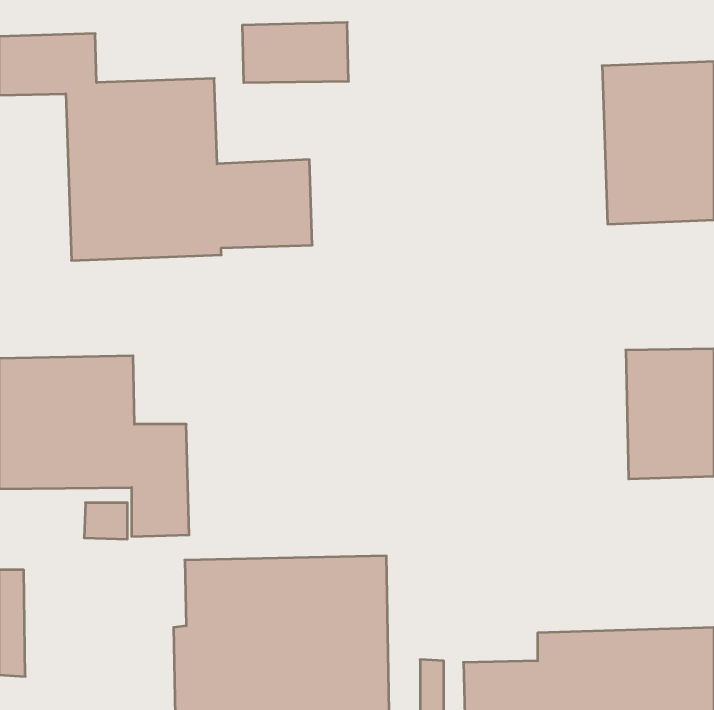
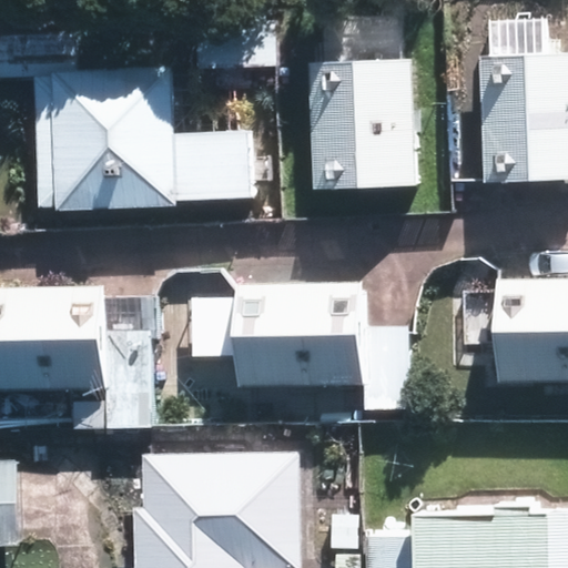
building: none -> [308,59,414,191]
building: none -> [235,283,406,412]

